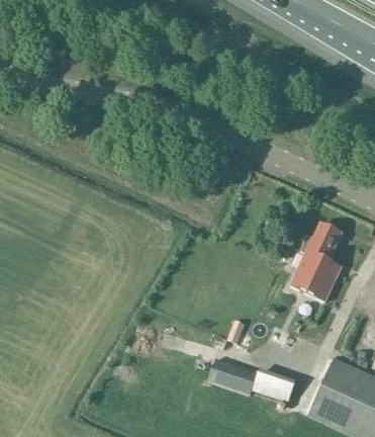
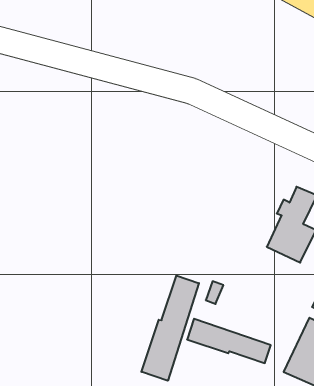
building: none -> [141,276,199,381]

